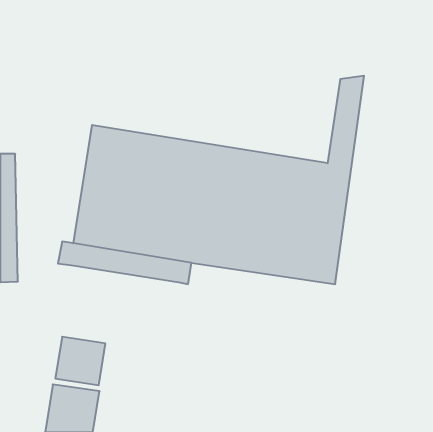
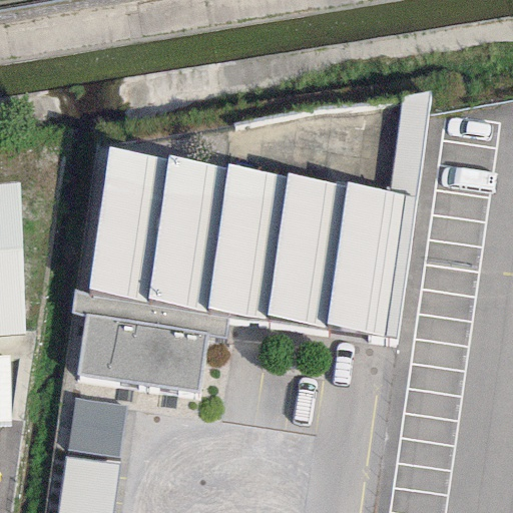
building: none -> [75,313,212,395]

